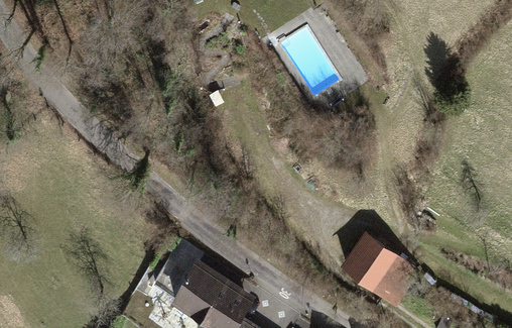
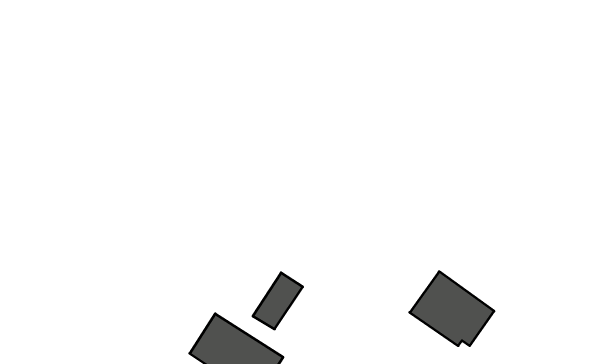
building: [155,243,195,288] -> [253,273,303,329]

